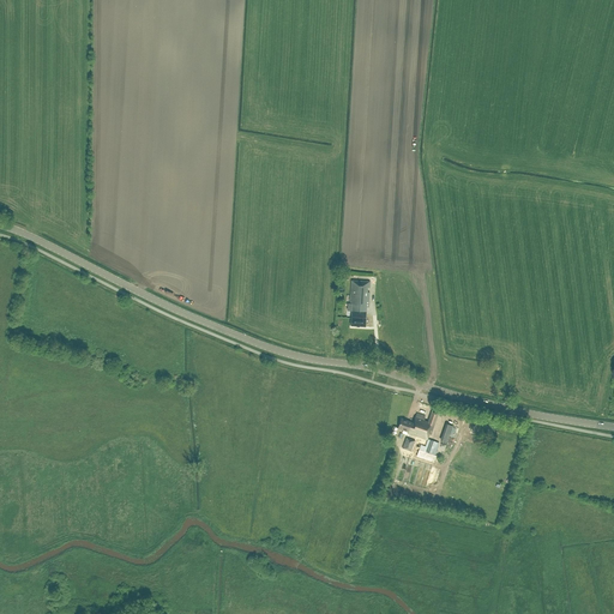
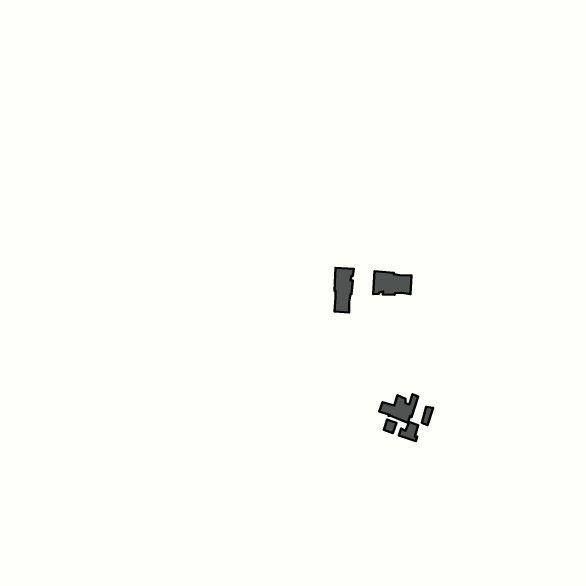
building: none -> [373,271,411,295]

